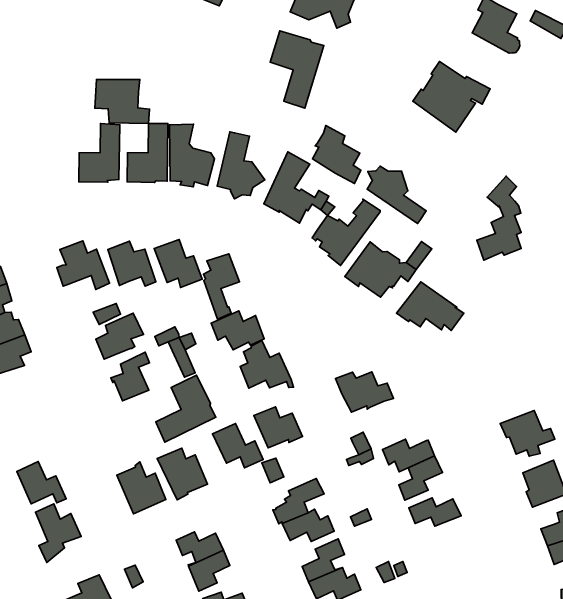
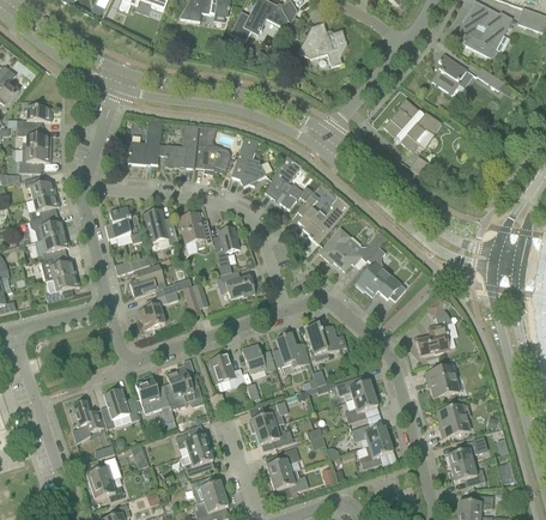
building: [270,31,324,108] -> none
building: [95,79,150,124] -> none
building: [312,126,361,183] -> none
building: [367,166,426,224] -> none
building: [477,176,521,260] -> [417,294,451,355]
building: [240,340,294,388] -> [273,332,311,369]
building: [156,375,216,442] -> none
building: [17,461,66,504] -> [104,388,139,421]
building: none -> [357,439,393,468]

